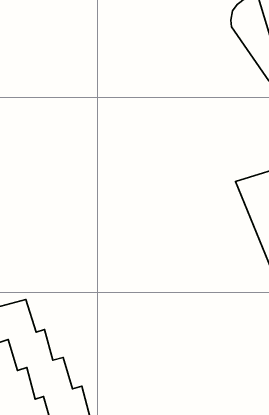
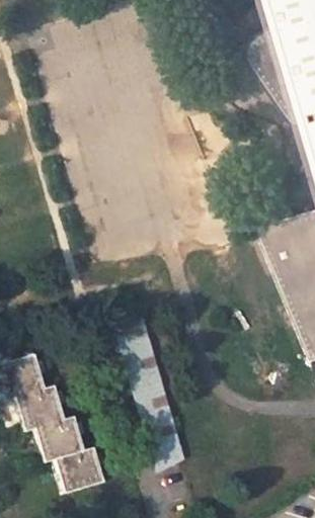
building: none -> [119,323,181,468]

